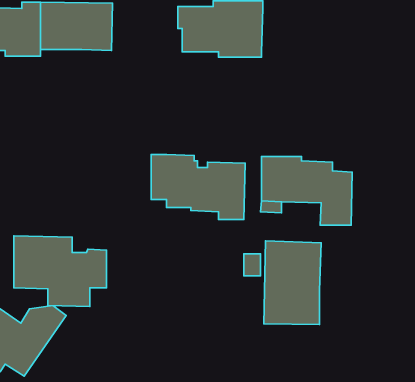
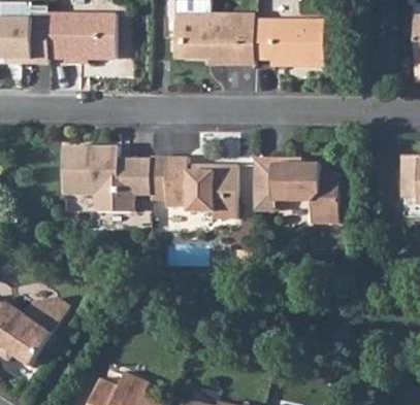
building: none -> [254,21,324,67]
building: [14,236,107,307] -> [64,143,151,209]
building: [264,241,321,325] -> none

